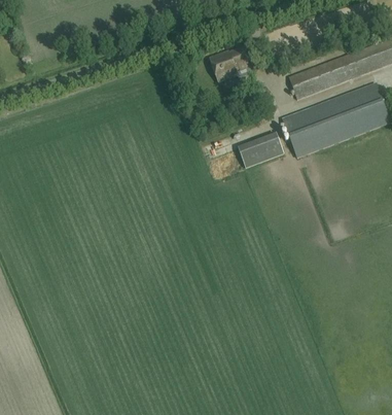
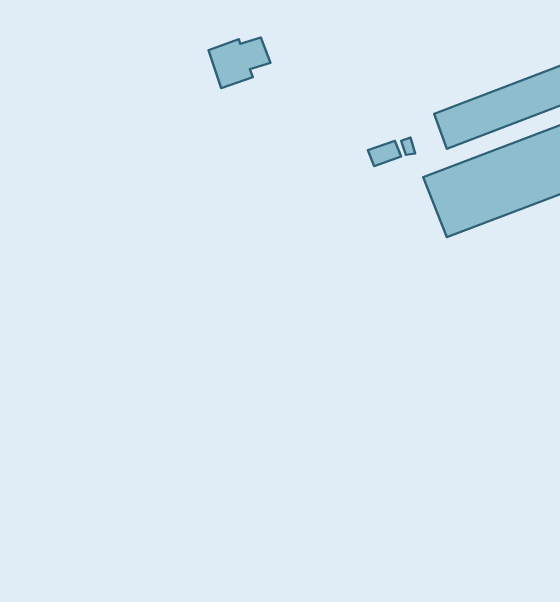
building: [209,47,249,80] -> [209,38,270,88]
building: [239,133,284,167] -> none

